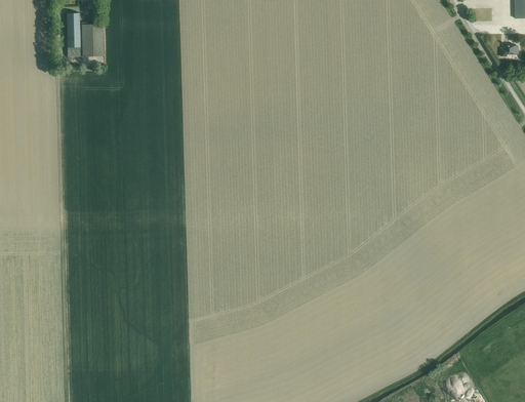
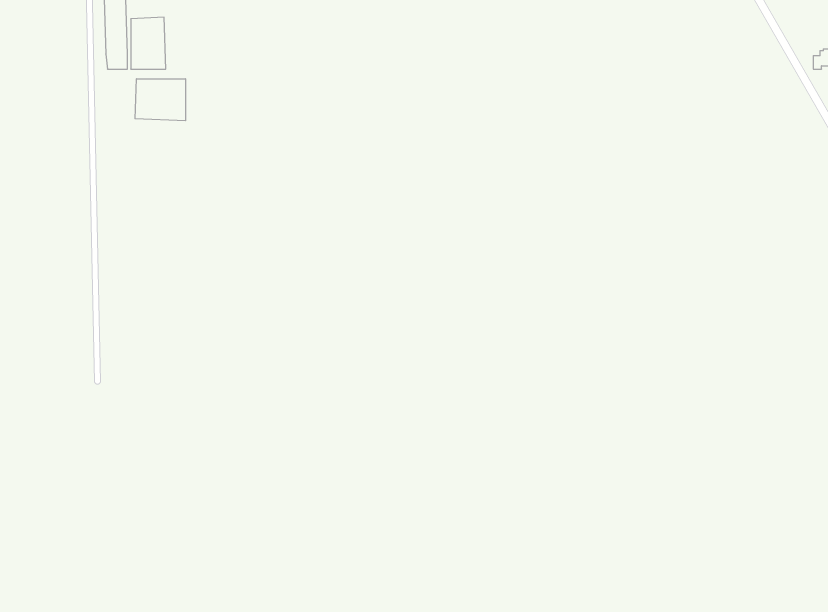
building: none -> [135,79,185,121]

